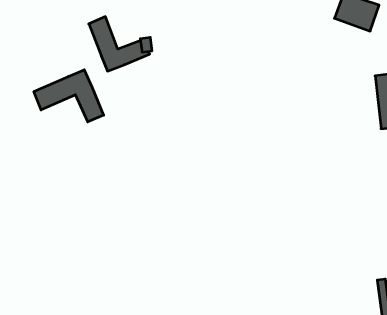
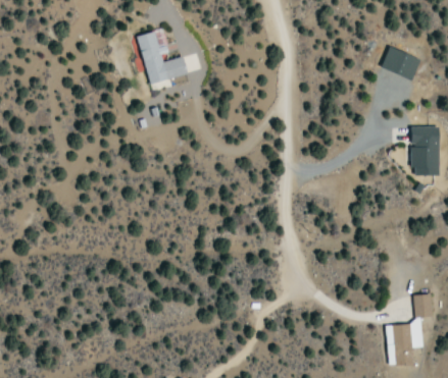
building: [34,70,104,122] -> none

